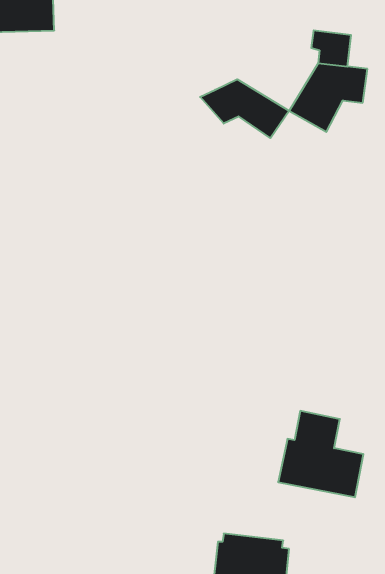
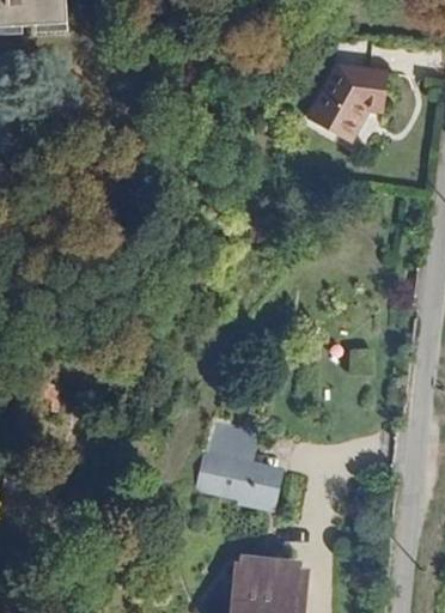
building: [200,79,289,138] -> none
building: [278,411,363,497] -> [194,420,281,509]

